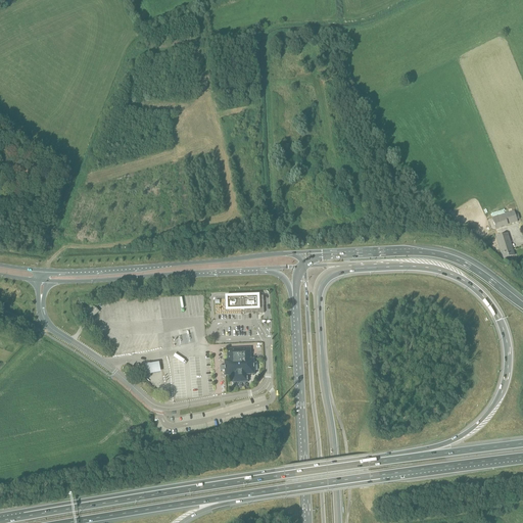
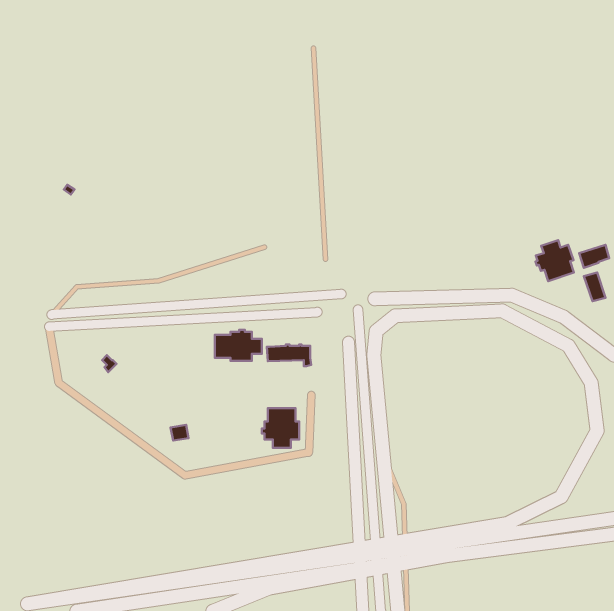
building: none -> [535,240,574,281]
building: none -> [215,330,262,361]

